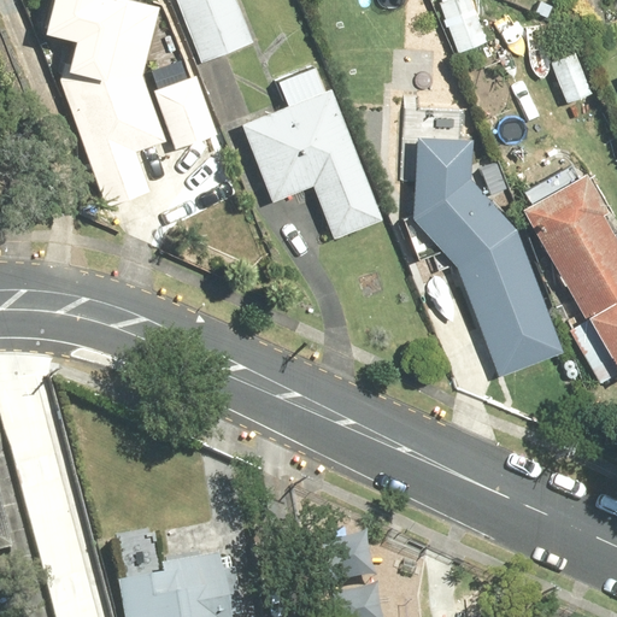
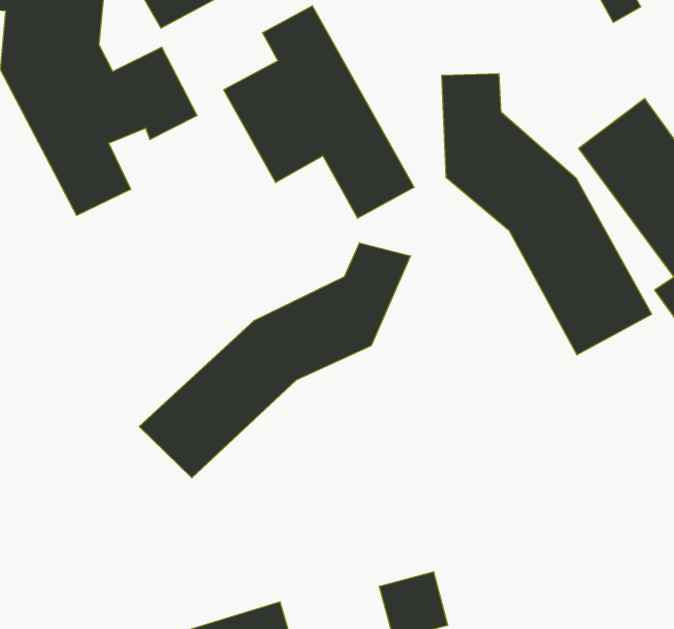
building: none -> [139,243,411,478]

